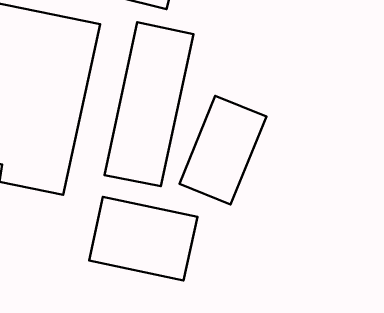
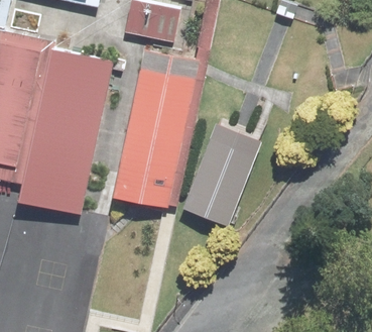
building: [89,197,197,281] -> none

